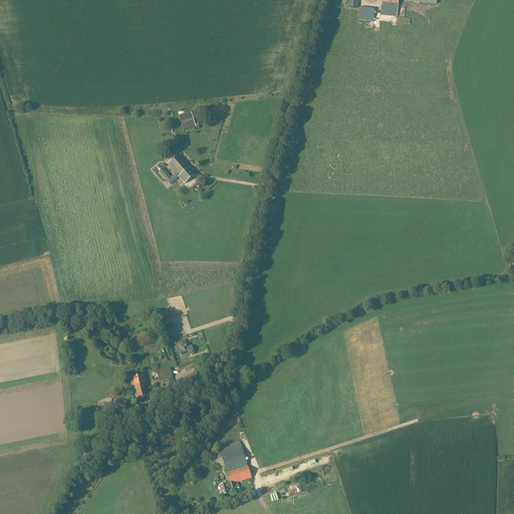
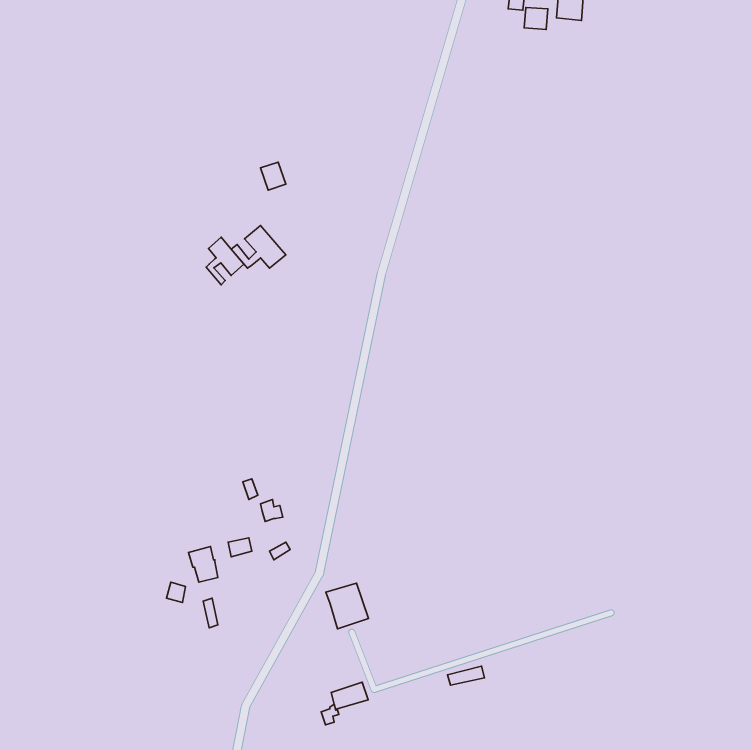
building: none -> [206,237,244,285]
building: [218,441,247,472] -> [326,583,368,629]

